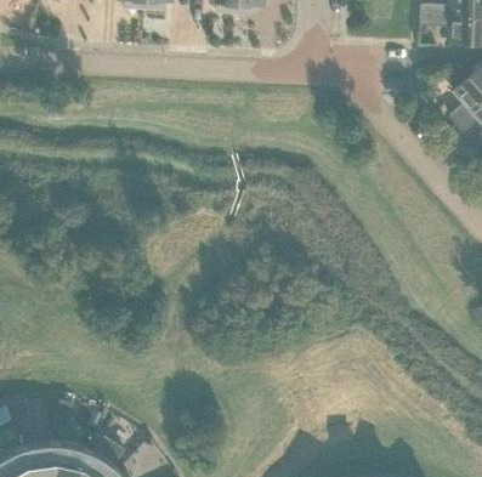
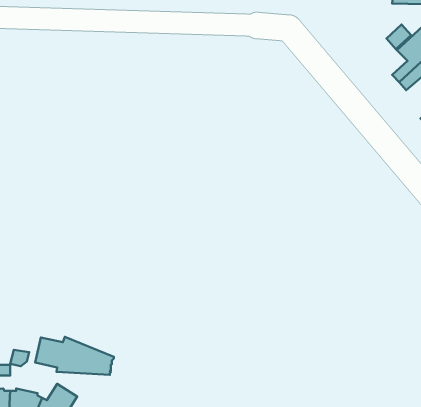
building: none -> [35,337,114,375]

